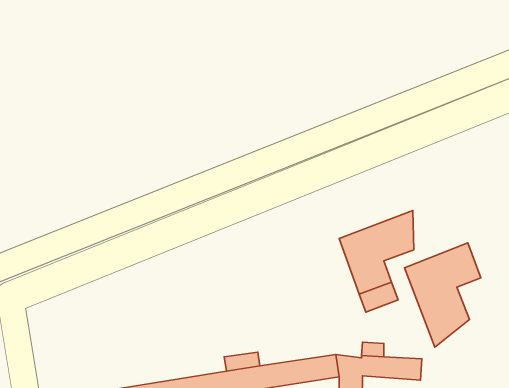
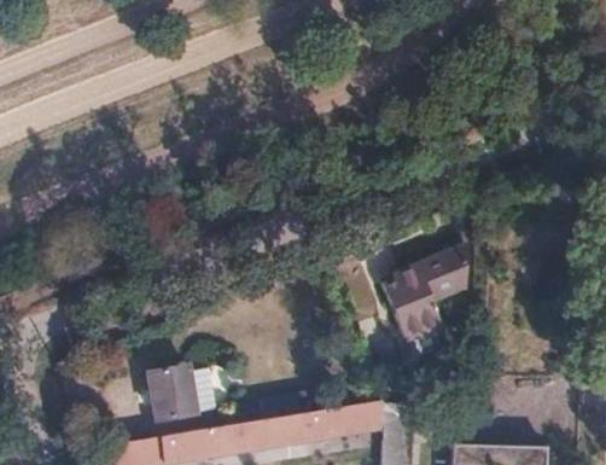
building: [405,243,481,347] -> none
building: none -> [147,366,217,420]

